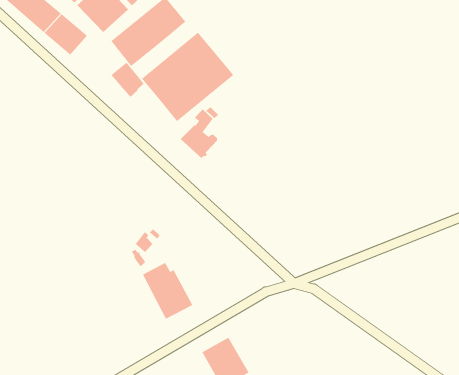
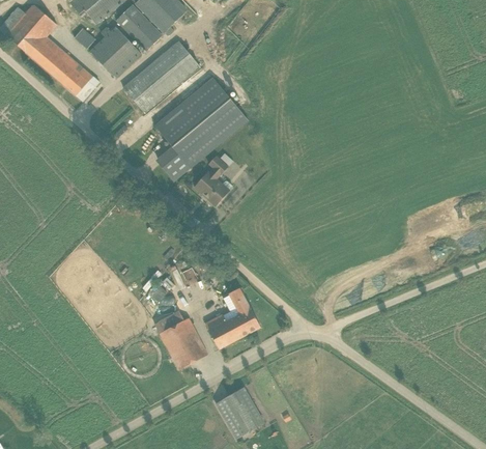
building: [111,62,144,98] -> [154,145,189,181]
building: none -> [204,287,259,347]

